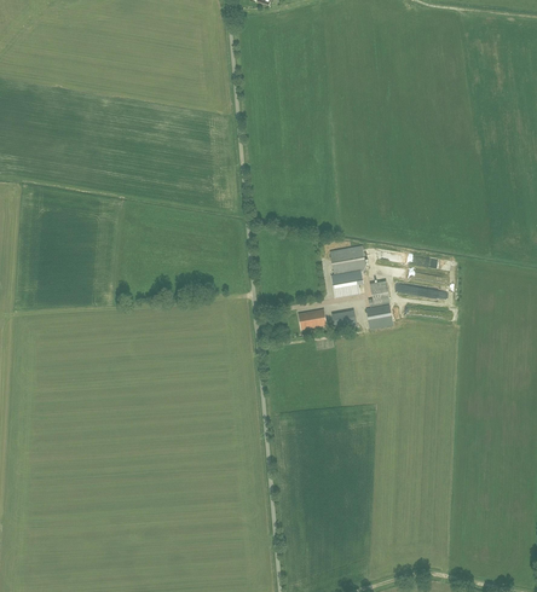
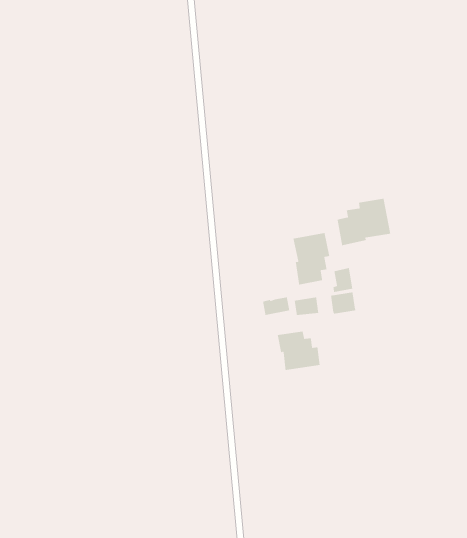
building: none -> [336,198,391,246]
building: none -> [277,331,320,371]

